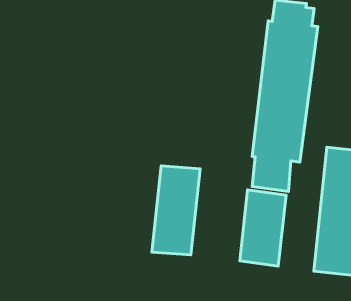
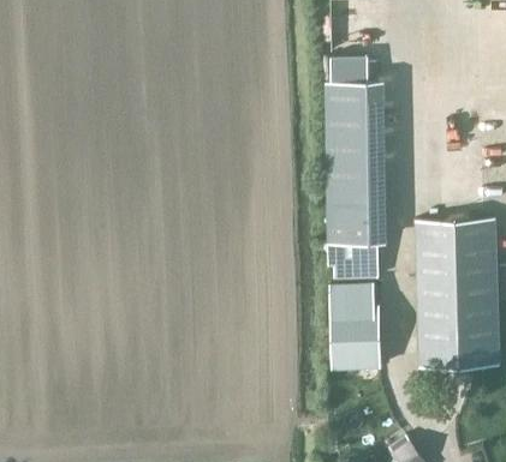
building: [152,166,200,255] -> none

